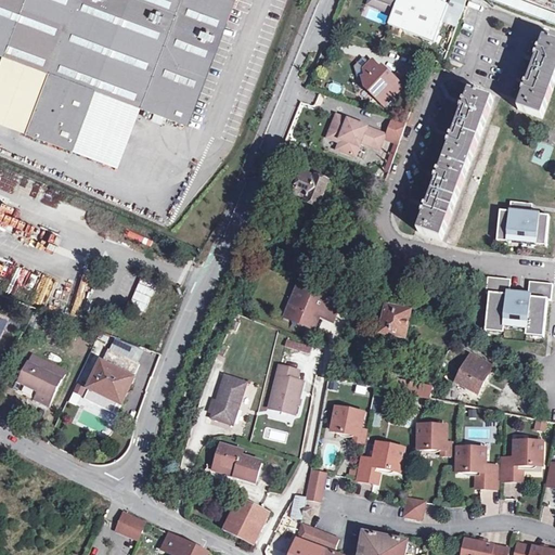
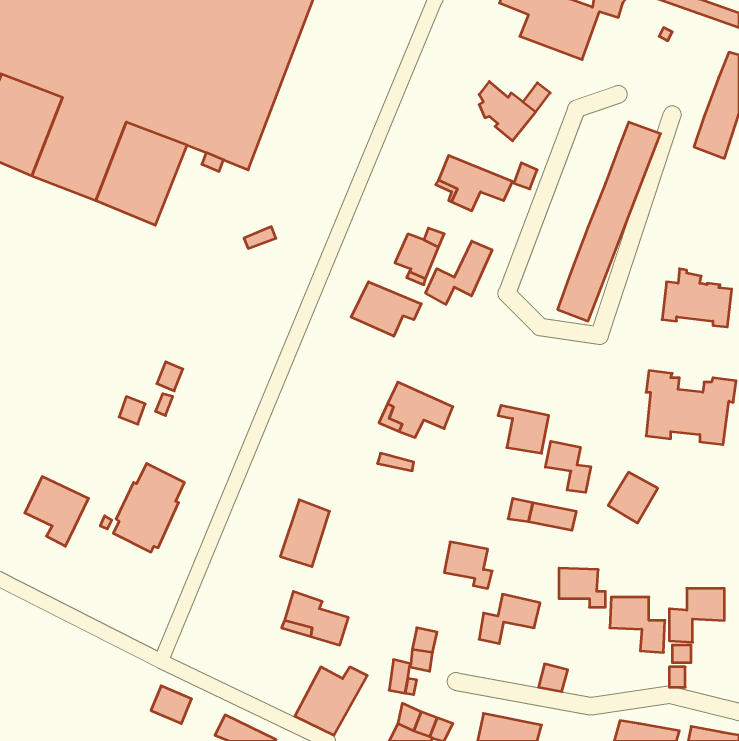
building: none -> [426,241,492,304]
building: none -> [351,282,421,336]
building: none -> [545,441,591,492]
building: [267,362,300,411] -> none

